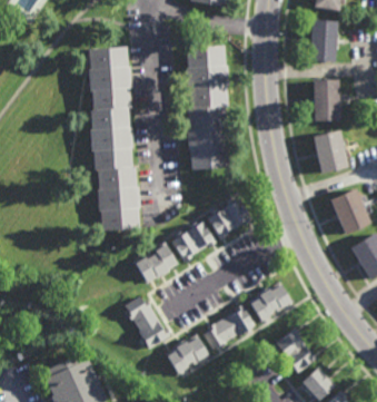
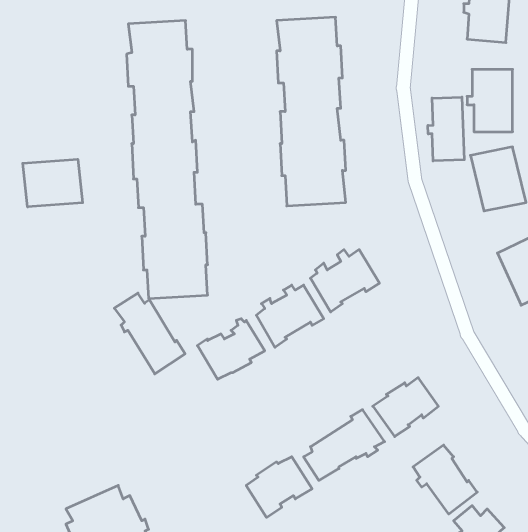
building: none -> [428,97,464,161]
building: none -> [23,159,83,207]
building: [123,297,170,351] -> [114,293,185,374]

